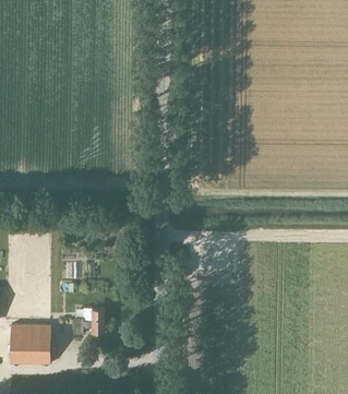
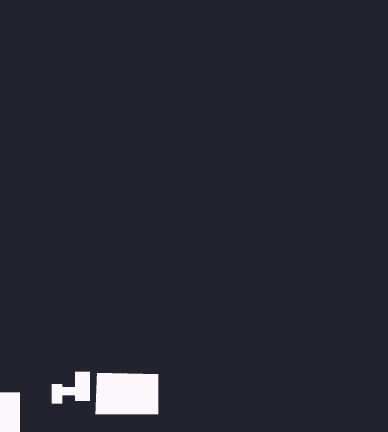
building: none -> [95,372,159,415]

